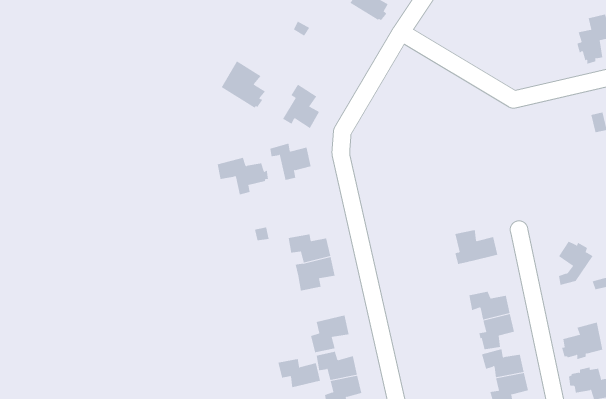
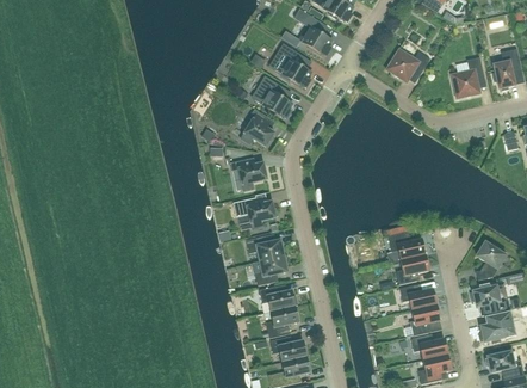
building: none -> [277,42,312,86]
building: none -> [386,47,430,81]
building: none -> [451,56,485,98]
building: [221,61,266,108] -> [255,76,293,117]
building: [217,157,269,195] -> [234,196,278,228]
building: none -> [397,253,429,283]
building: none -> [470,283,510,312]
building: [277,358,321,388] -> [259,285,296,310]

